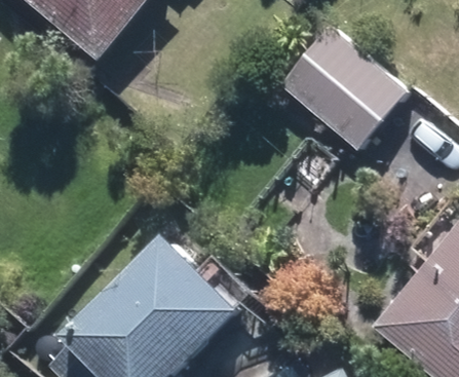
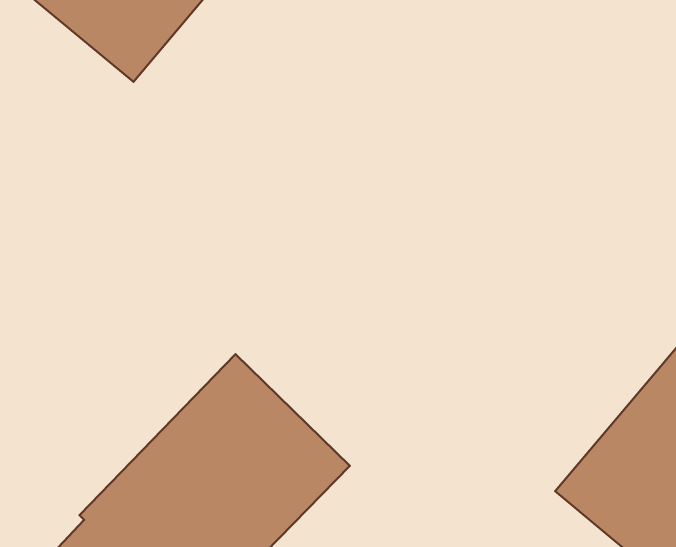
building: [278,25,409,151] -> none

